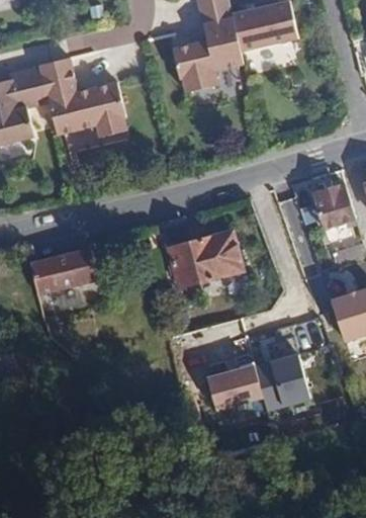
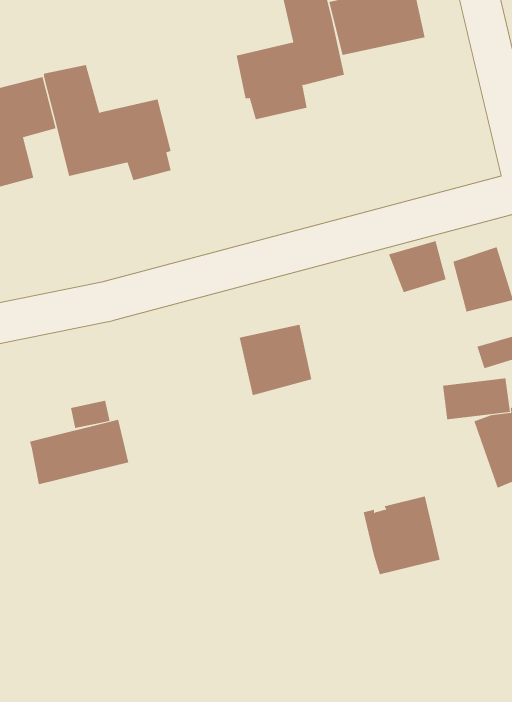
building: [213,231,242,273] -> none
building: [33,246,101,290] -> [29,419,129,485]
building: [208,358,263,403] -> none

